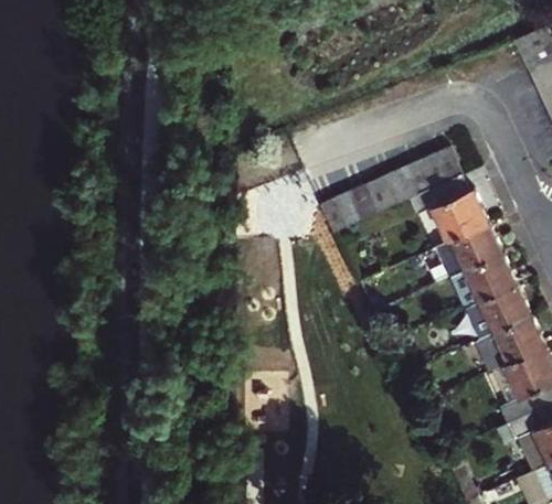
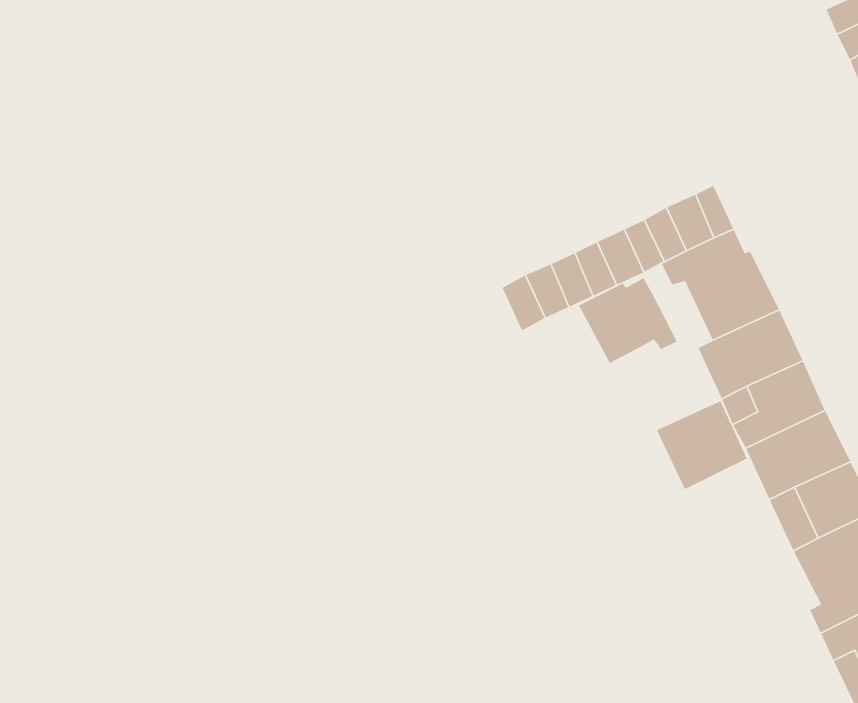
building: none -> [578,277,678,364]
building: none -> [656,400,748,490]

